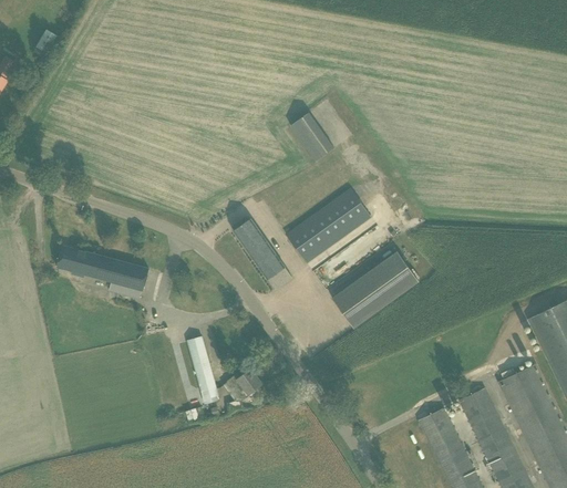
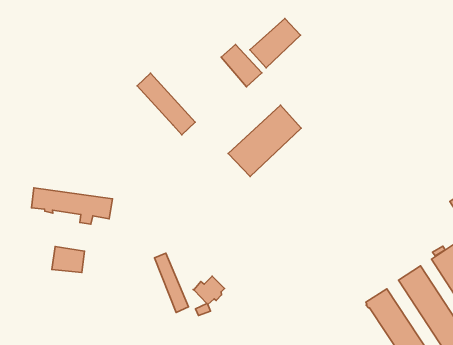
building: none -> [250,18,300,68]
building: [234,219,293,292] -> [137,73,195,135]
building: [332,252,419,329] -> none
building: none -> [52,247,84,273]

